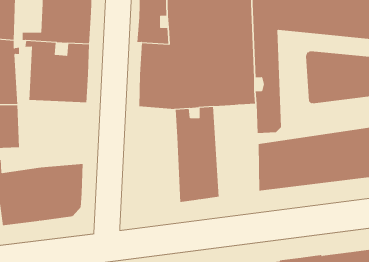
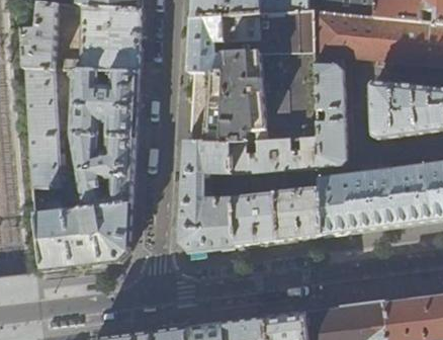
building: none -> [70,134,134,206]
building: none -> [271,138,320,239]
building: none -> [178,141,234,251]

